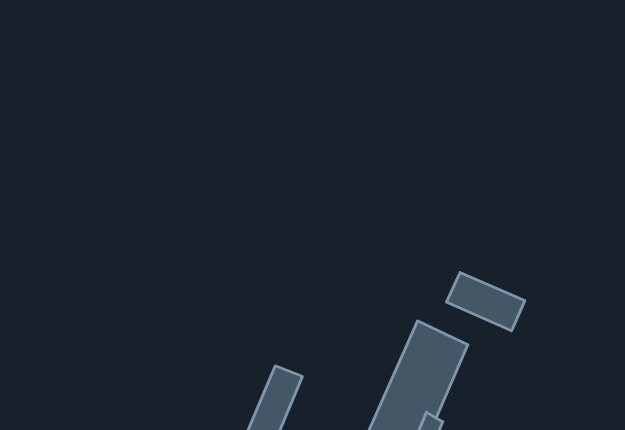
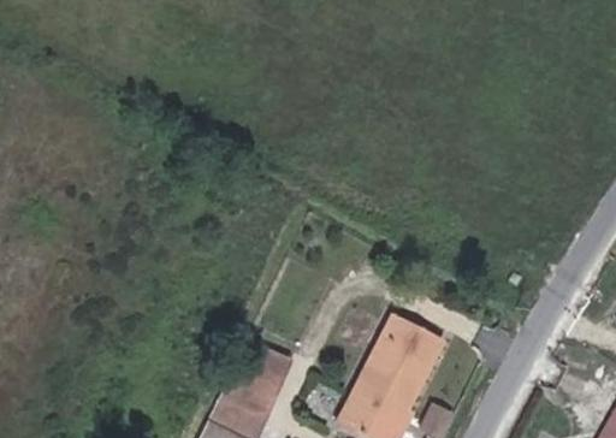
building: [446,272,525,331] -> none

